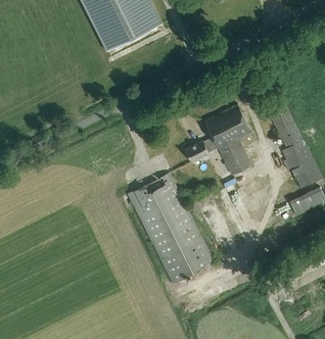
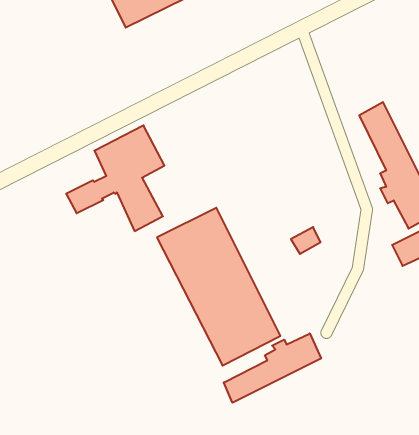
building: [185,103,252,176] -> [66,125,164,231]
building: none -> [224,333,321,403]

